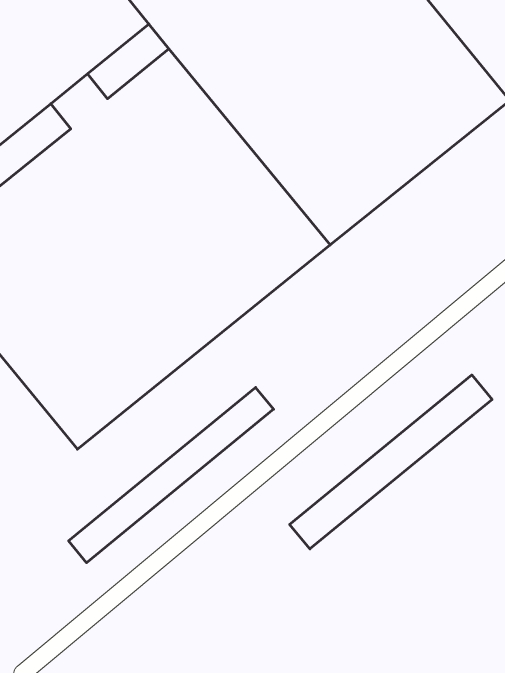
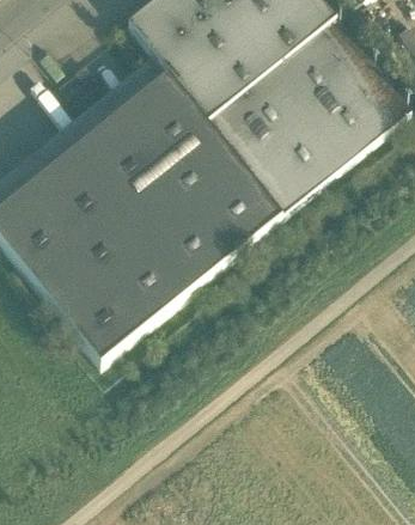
building: [290,375,492,549] -> none
building: [69,387,274,563] -> none

